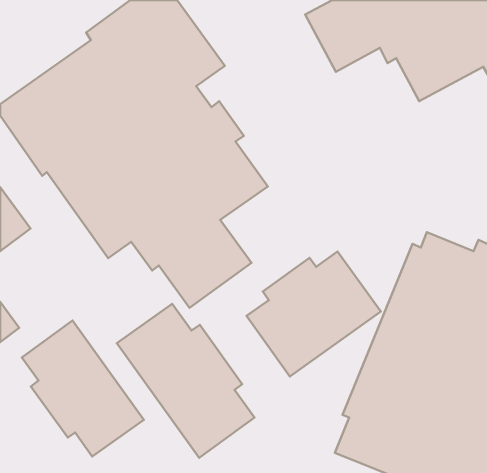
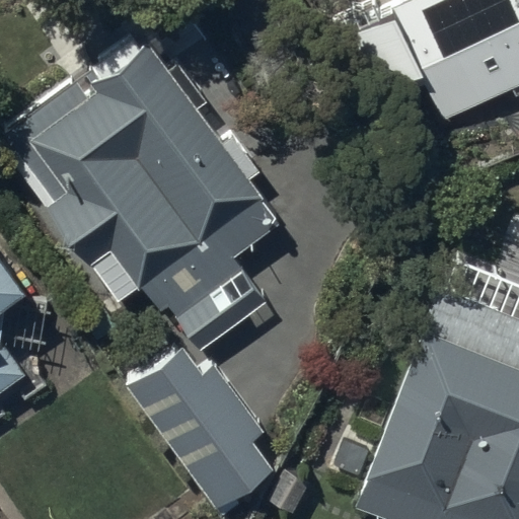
building: [247,251,381,377] -> none
building: [22,321,144,457] -> none

